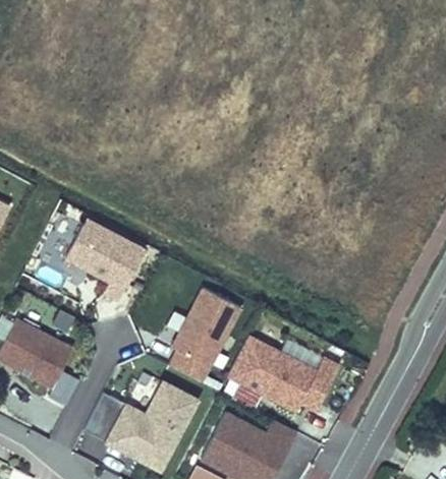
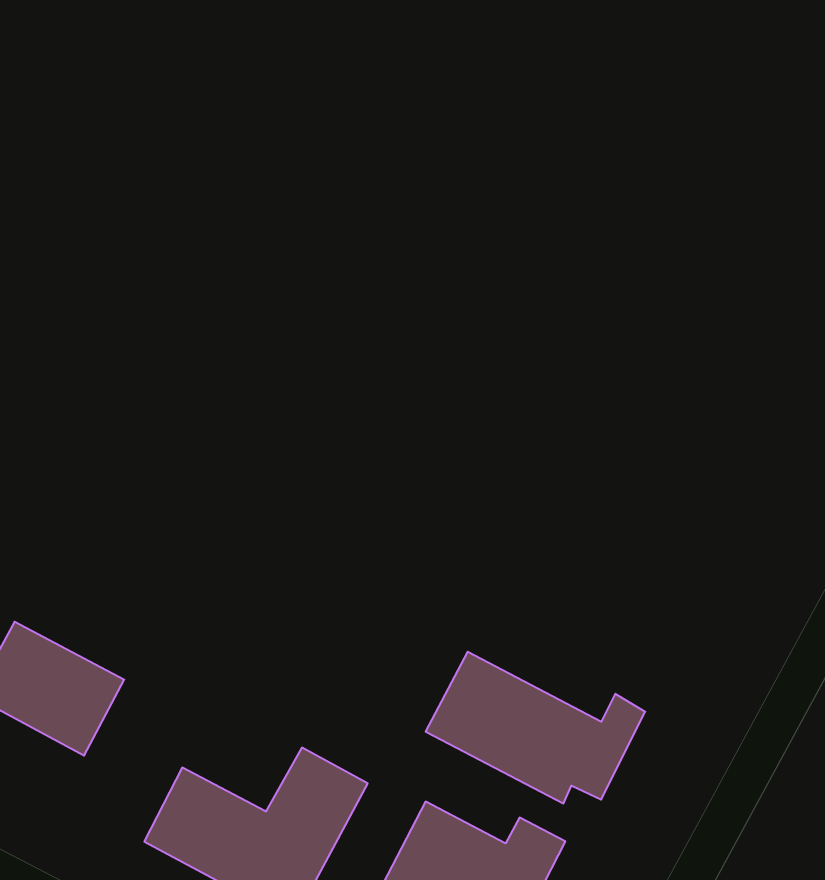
building: [64,221,145,302] -> none
building: [169,288,239,381] -> none

